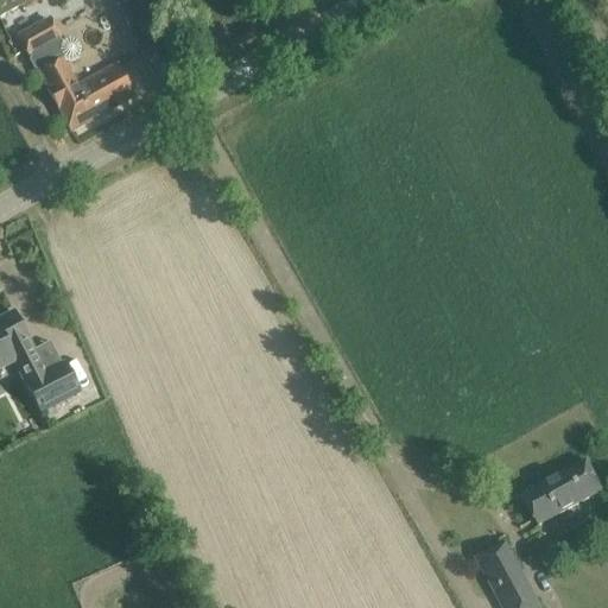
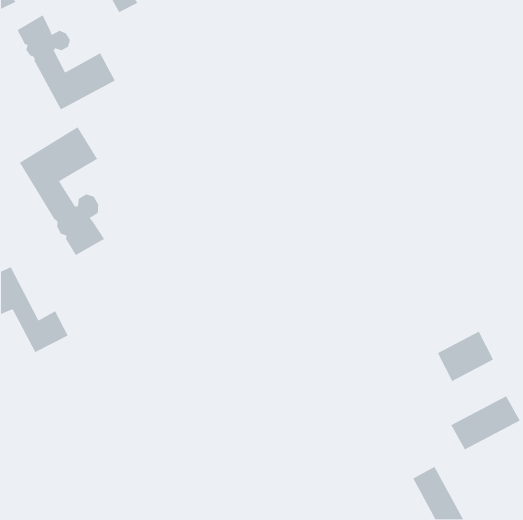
building: none -> [19,126,105,256]
building: none -> [437,330,494,382]

